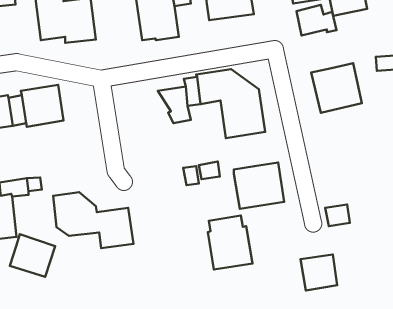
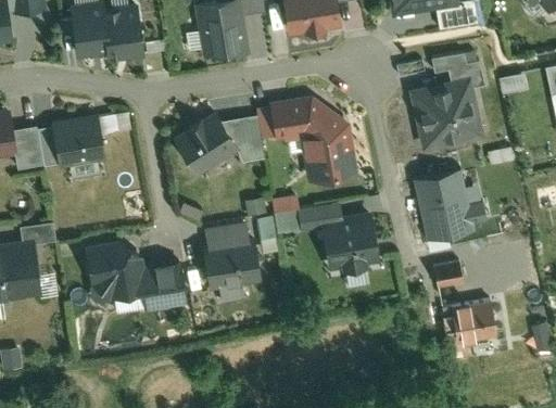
building: [296,5,337,35] -> [432,55,482,93]
building: none -> [173,111,239,174]
building: none -> [412,169,483,242]
building: none -> [298,201,343,228]
building: [208,216,252,270] -> [203,222,258,290]
building: [10,234,55,277] -> none
building: [301,255,337,290] -> [451,299,496,344]

